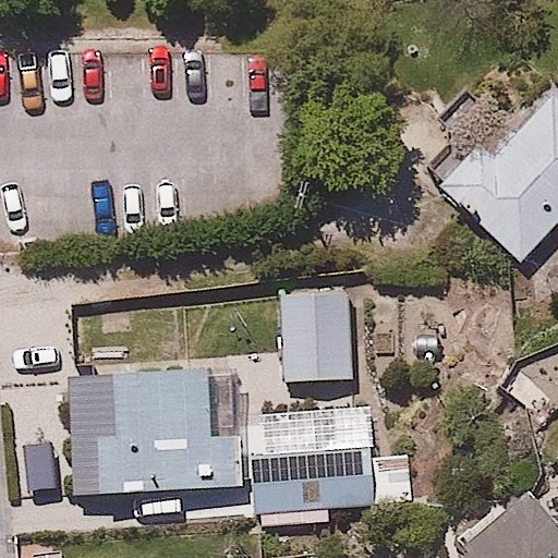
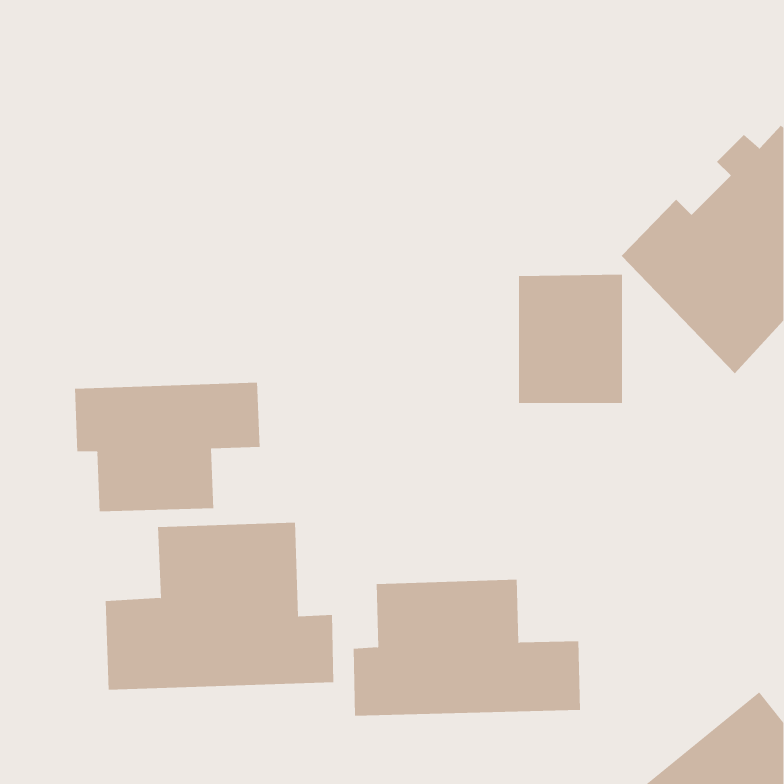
building: none -> [75,382,260,512]
building: [277,287,351,378] -> [518,274,623,404]

